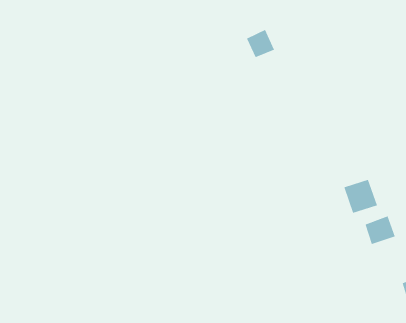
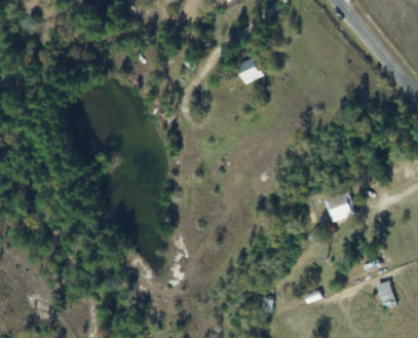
building: [365,216,395,245] -> none

